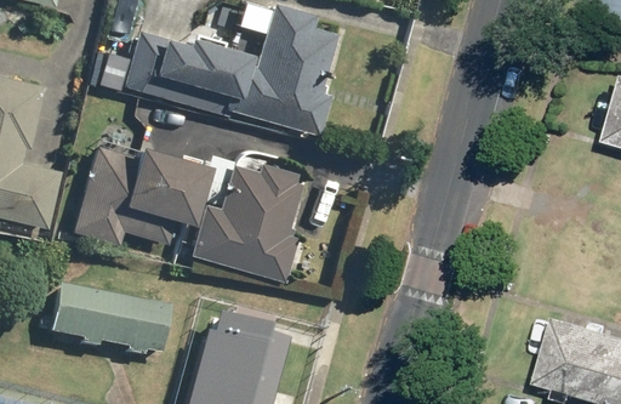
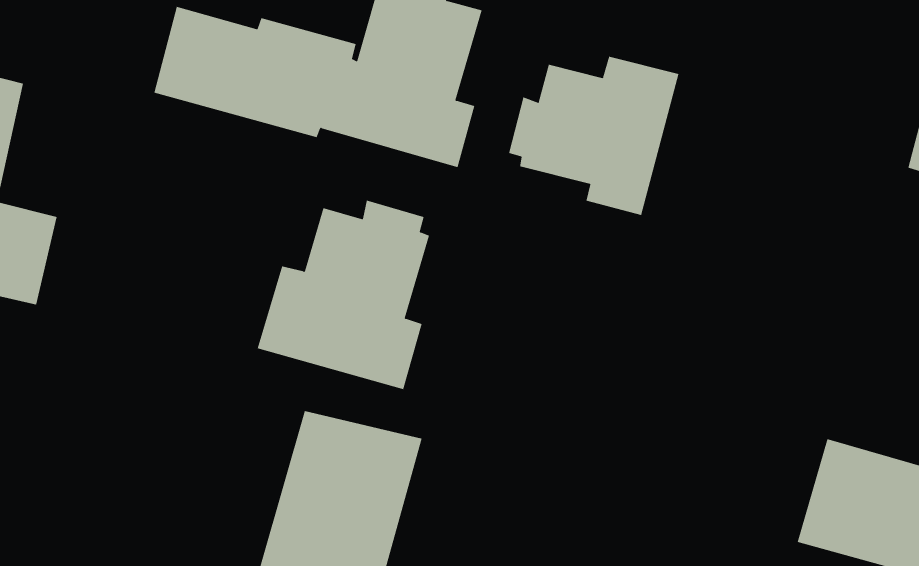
building: none -> [509,56,679,216]
building: [72,144,215,246] -> none
building: [49,285,164,357] -> none

